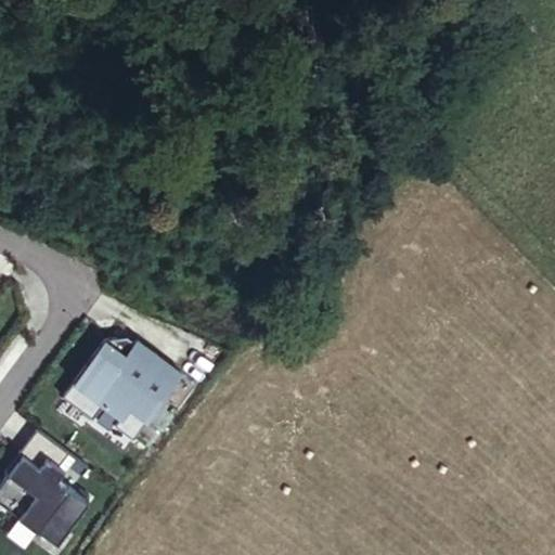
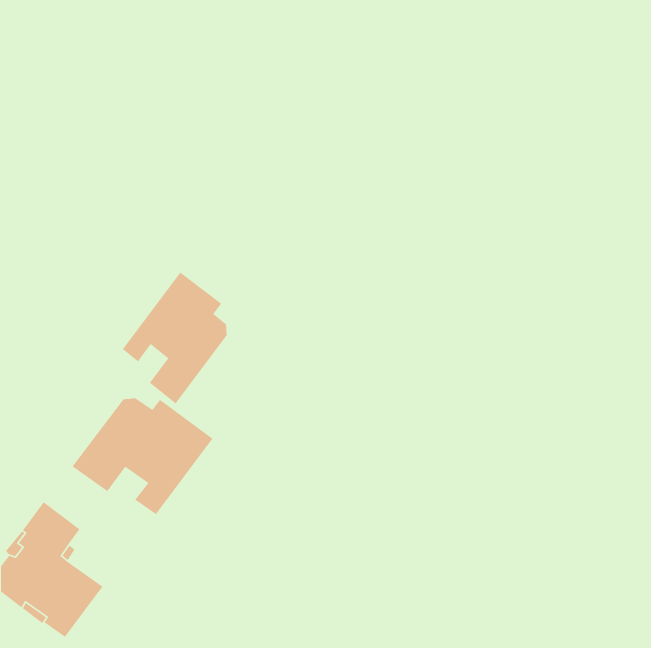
building: none -> [122,271,227,405]

